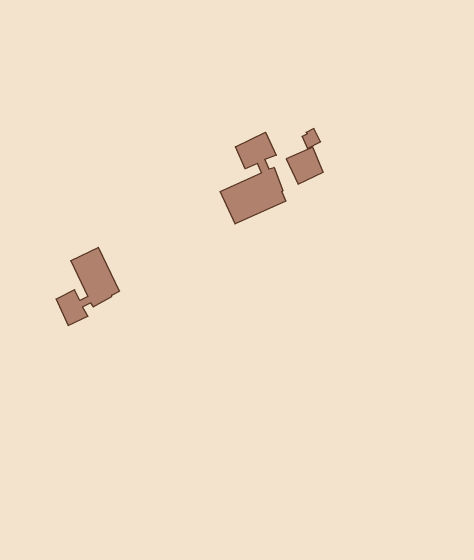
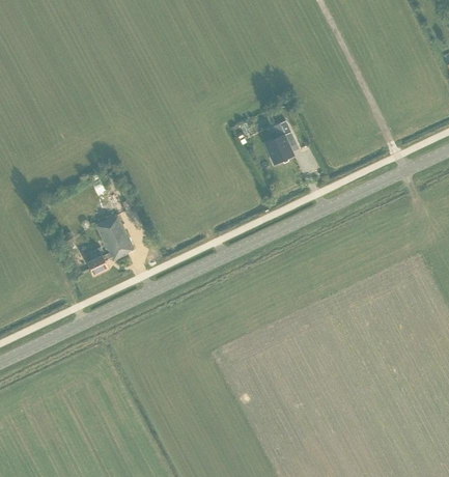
building: [220,132,286,224] -> none

